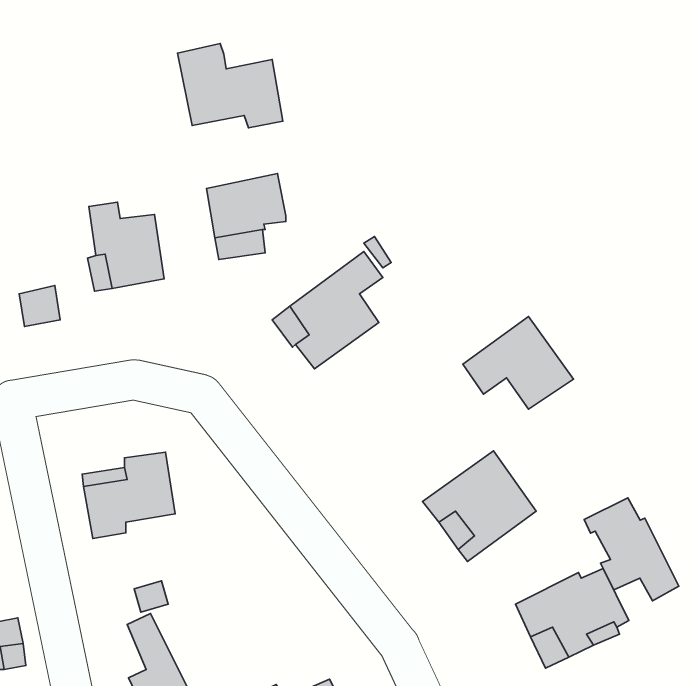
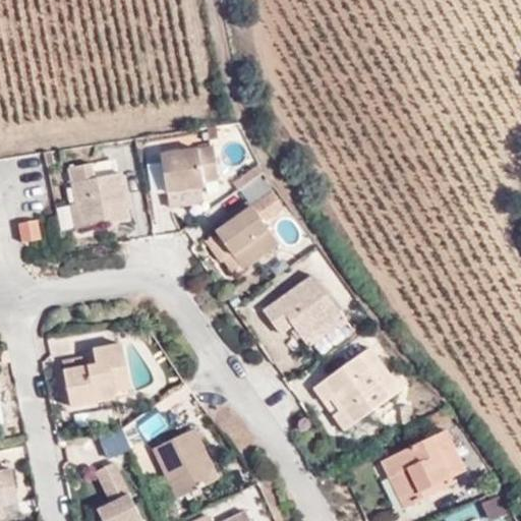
building: [178,43,283,128] -> none
building: [463,316,574,409] -> [266,271,348,340]
building: [584,498,679,601] -> none
building: none -> [154,433,217,501]

